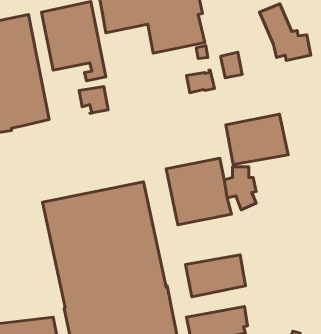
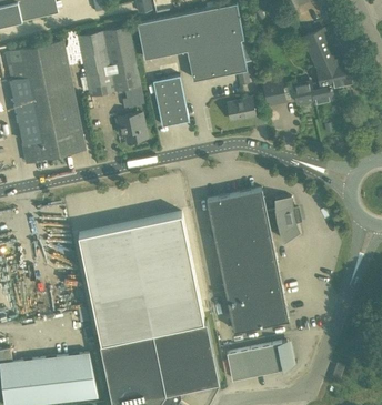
building: none -> [152,77,188,126]
building: none -> [293,82,333,104]
building: [226,114,288,165] -> [218,246,282,298]

